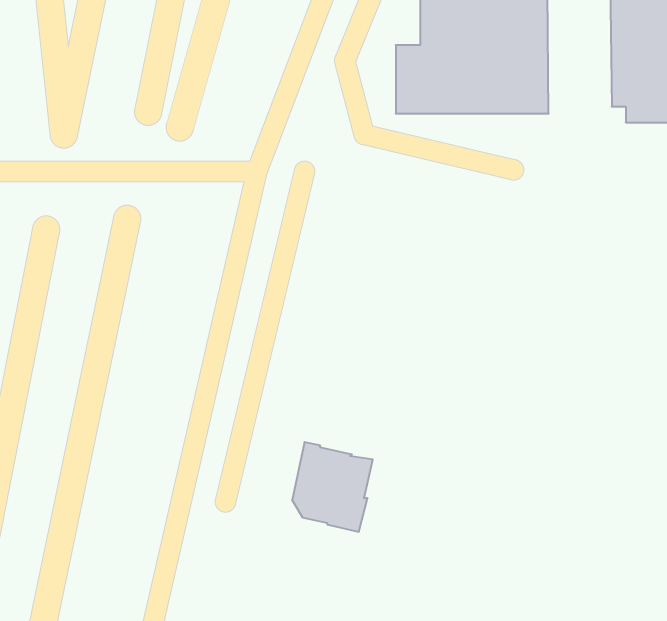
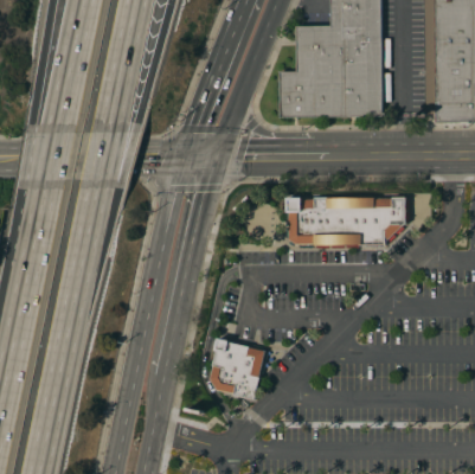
building: none -> [285,197,409,249]

